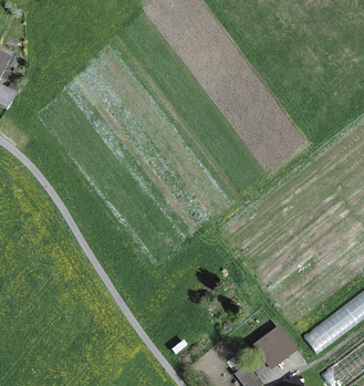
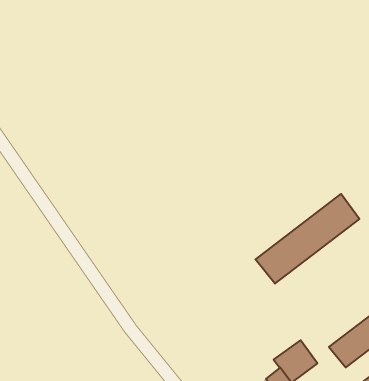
building: none -> [255,194,359,284]

